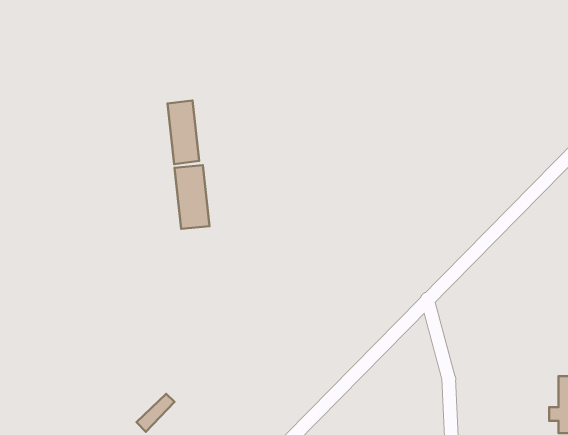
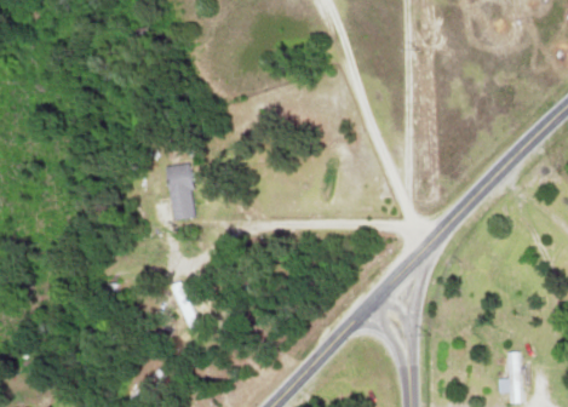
building: [167,100,199,164] -> none

